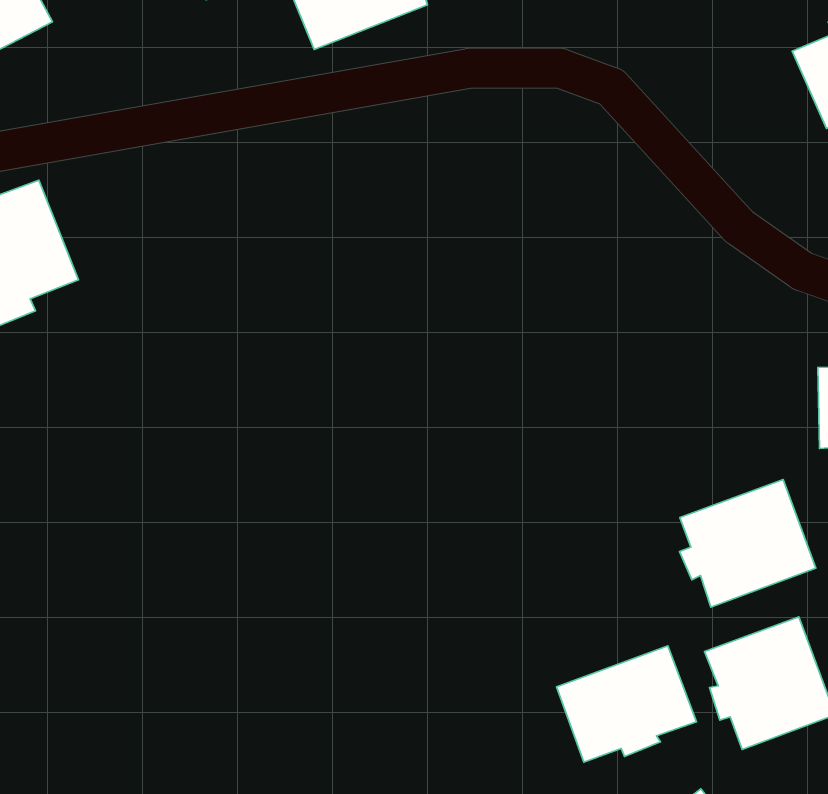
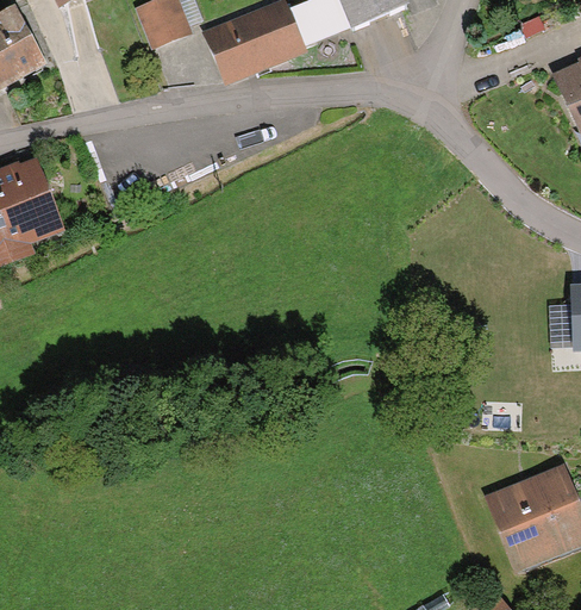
building: [680,480,816,607] -> none
building: [556,646,696,762] -> none

